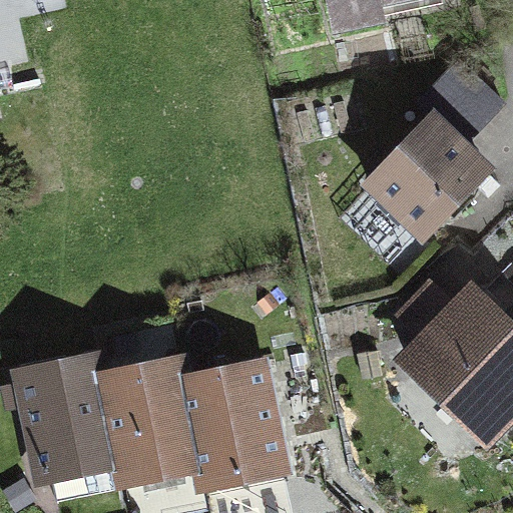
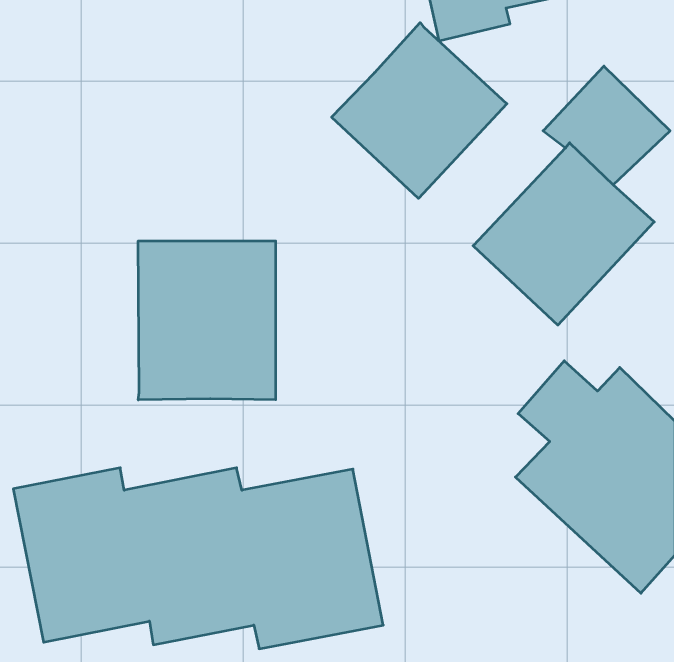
building: none -> [332,23,507,198]
building: none -> [138,241,276,400]

